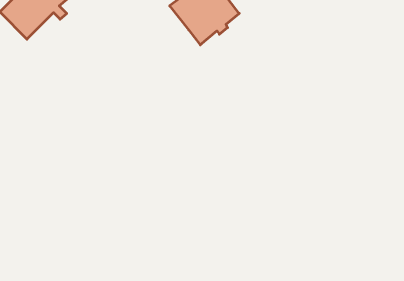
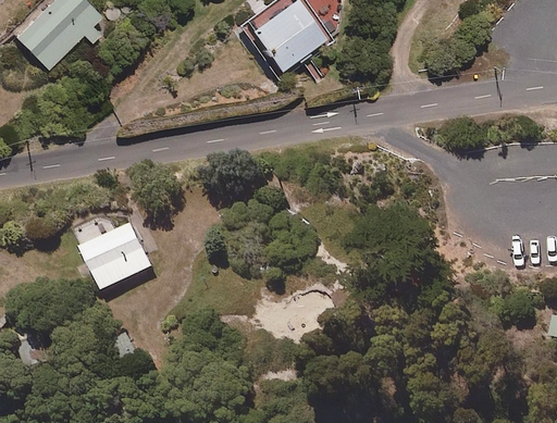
building: none -> [78,222,157,294]

